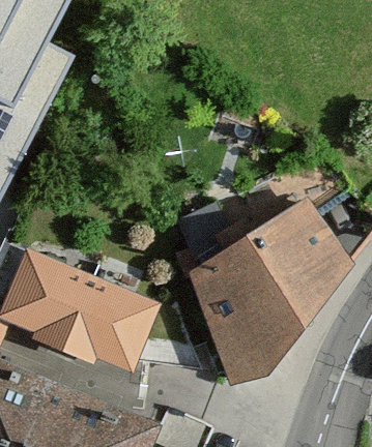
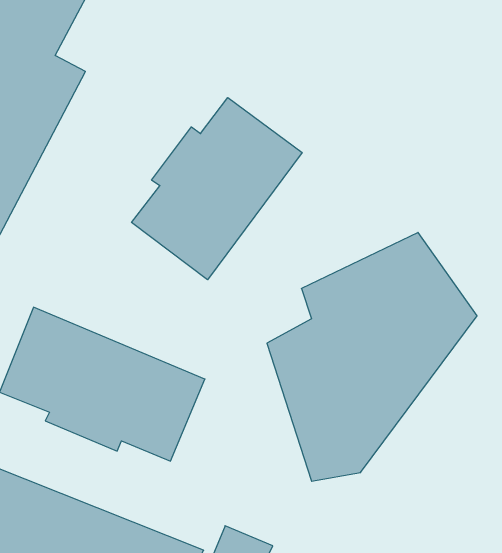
building: none -> [132,98,302,280]

